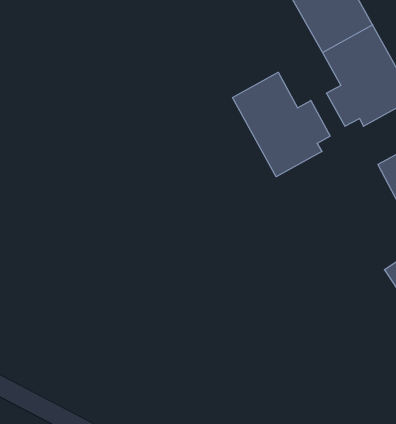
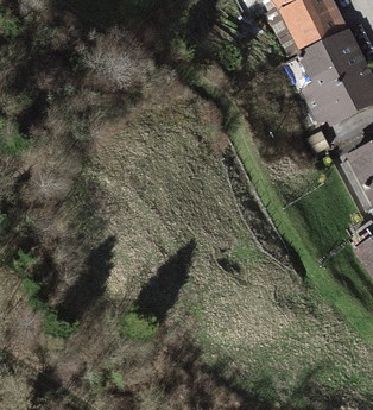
building: [233,72,330,177] -> none

